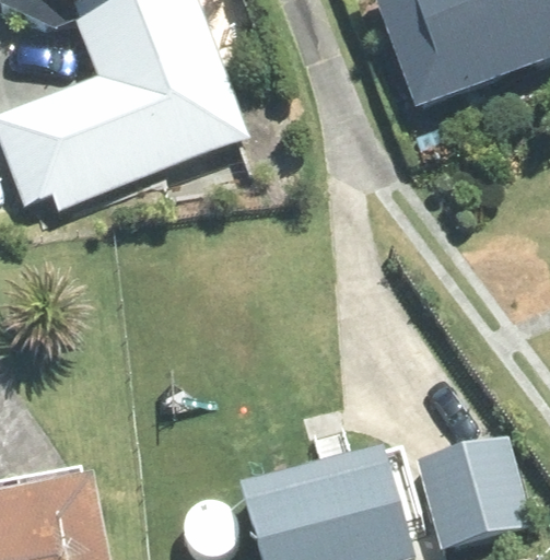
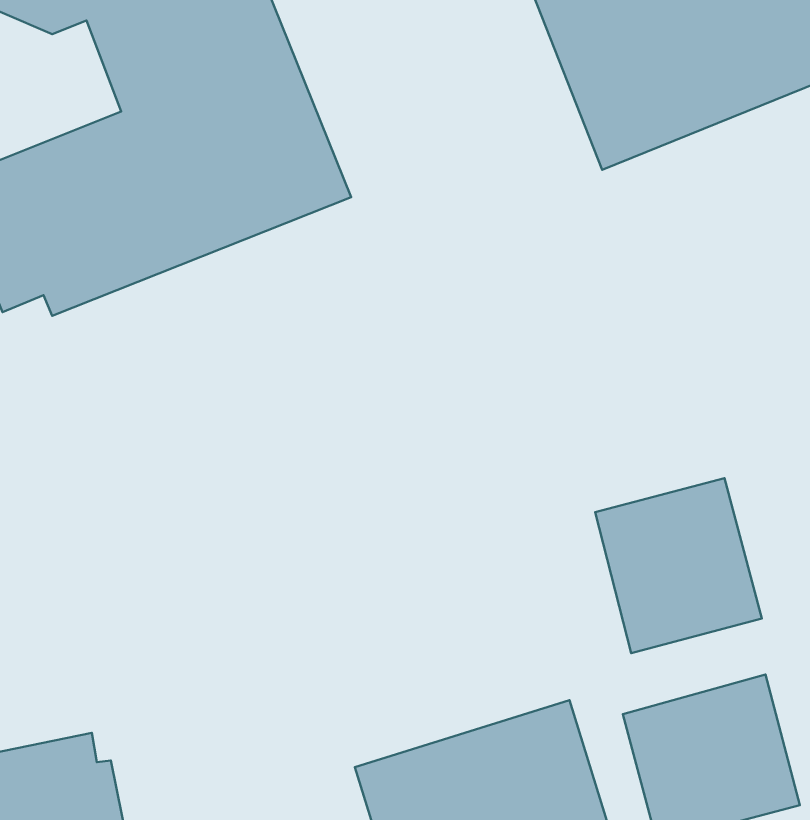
building: none -> [595,478,762,653]

